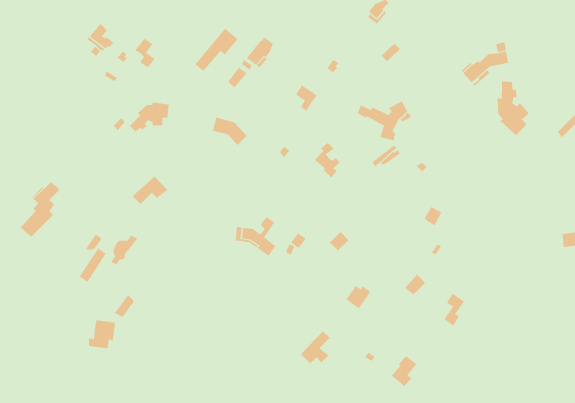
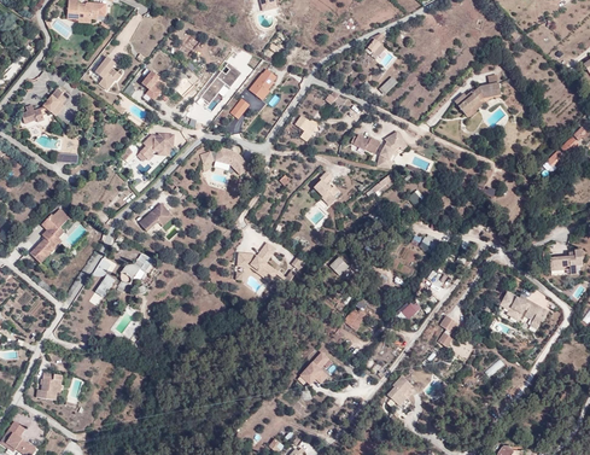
building: none -> [22,87,65,128]
building: [497,80,529,136] -> none
building: none -> [500,291,548,328]
building: [88,320,116,349] -> [37,372,64,399]

